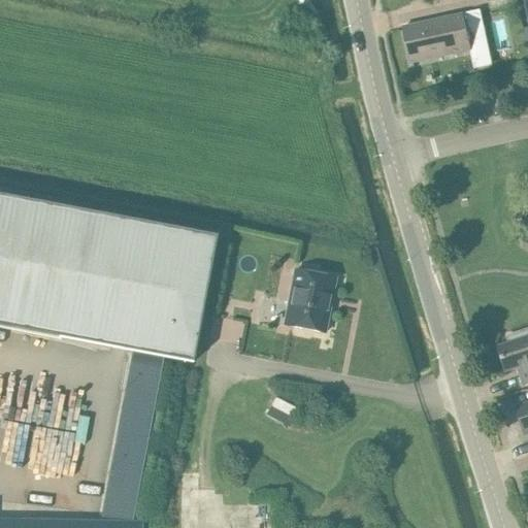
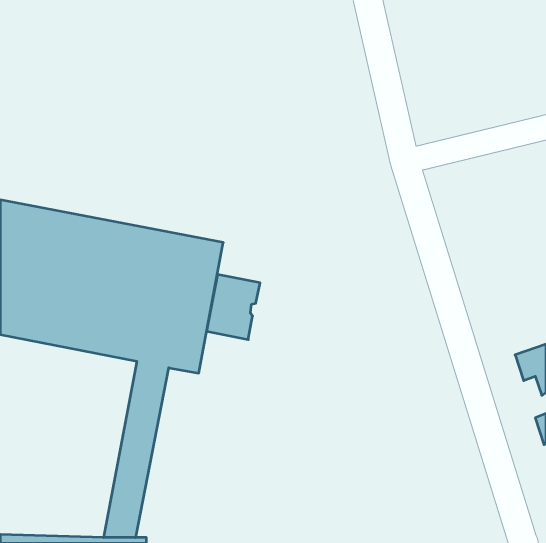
building: [402,11,485,61] -> none
building: [284,267,335,330] -> [207,274,260,340]

